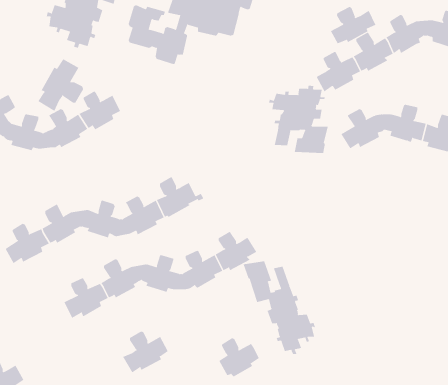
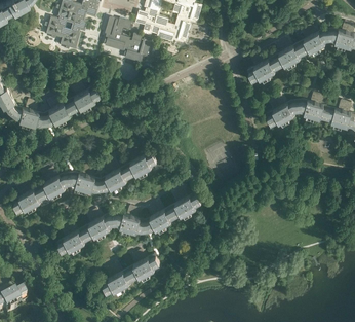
building: [330,6,376,44] -> none
building: [37,59,84,112] -> none
building: [268,85,329,154] -> none
building: [243,260,316,355] -> none
building: [219,338,260,377] -> [129,249,160,279]

